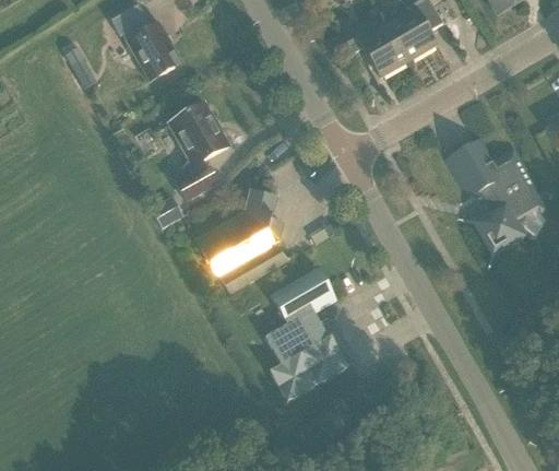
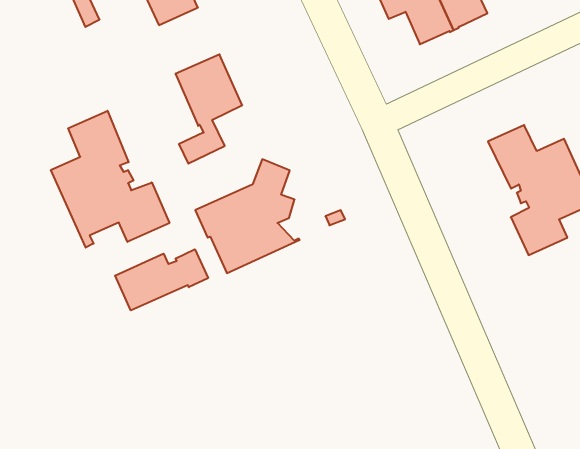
building: none -> [51,111,169,248]
building: [265,268,347,401] -> none
building: none -> [115,249,208,310]

